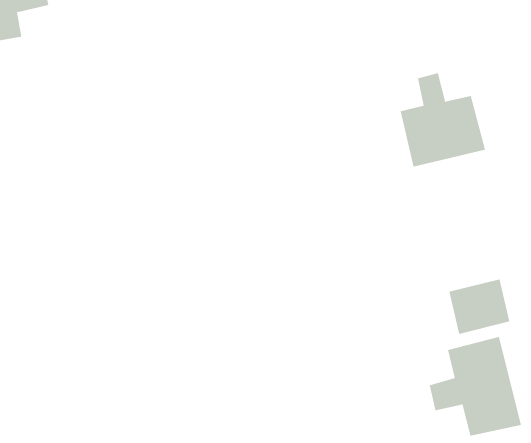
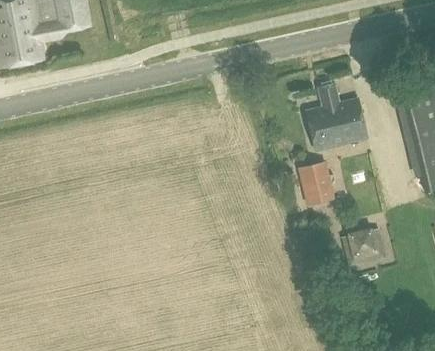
building: none -> [296,161,333,204]
building: [429,336,521,437] -> none

